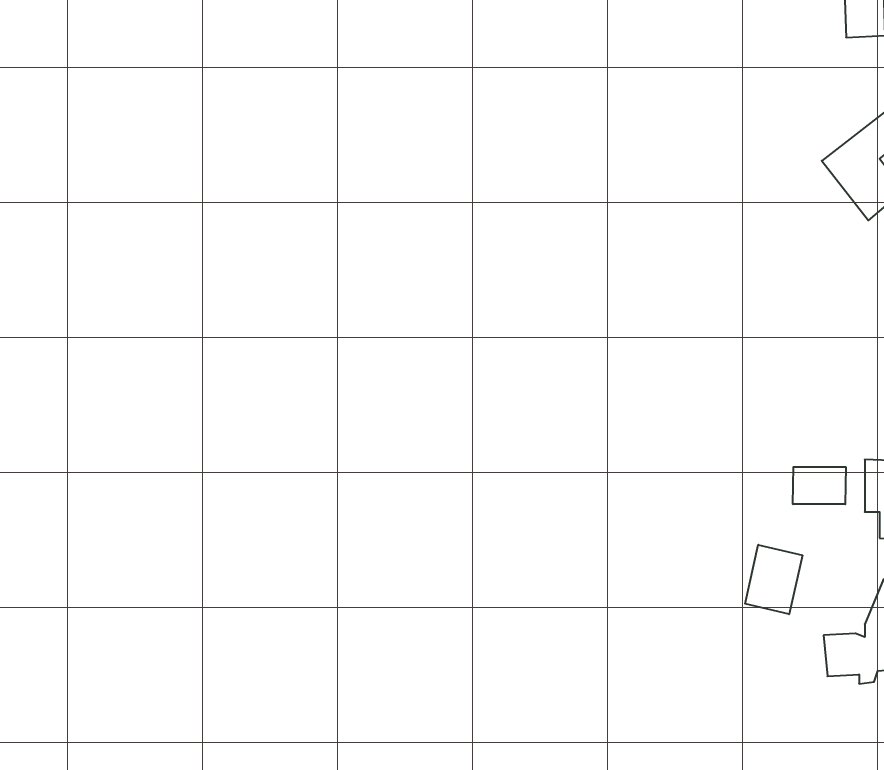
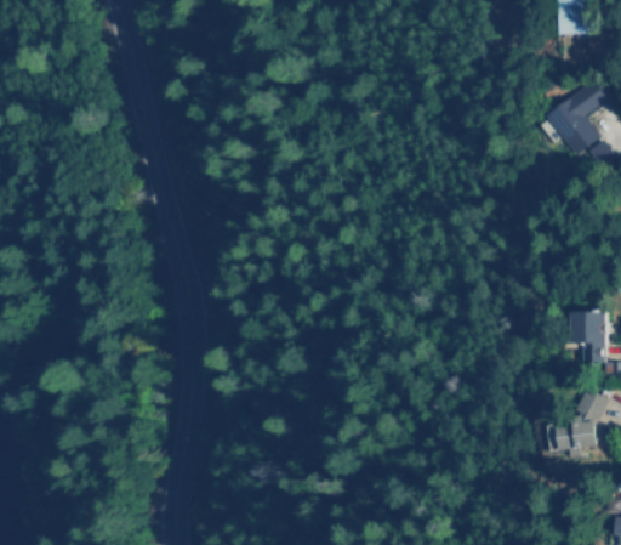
building: [793,467,846,504] -> none
building: [745,545,802,614] -> none

